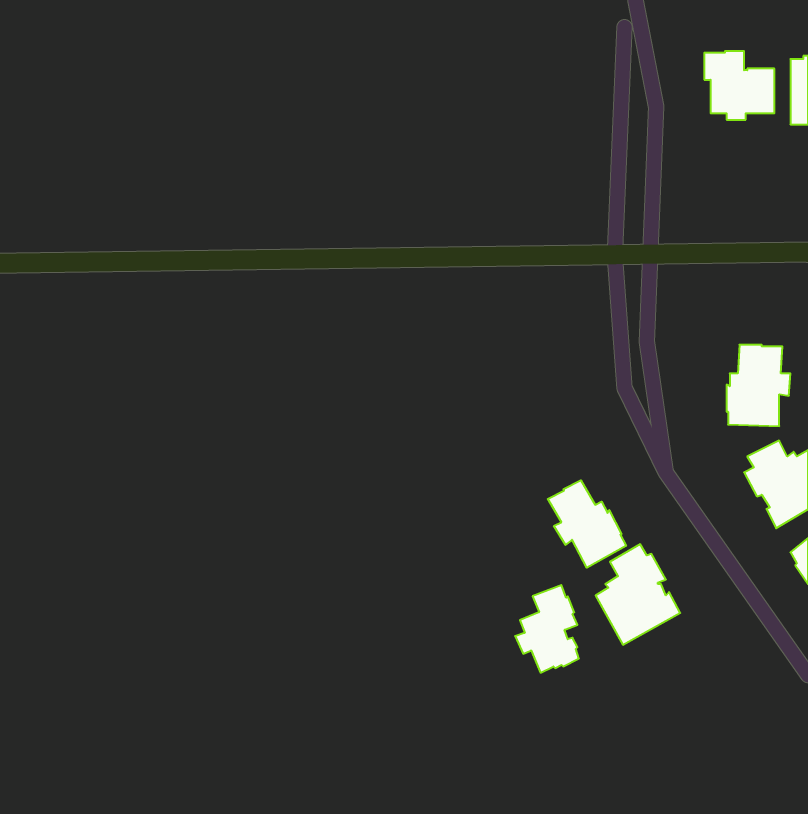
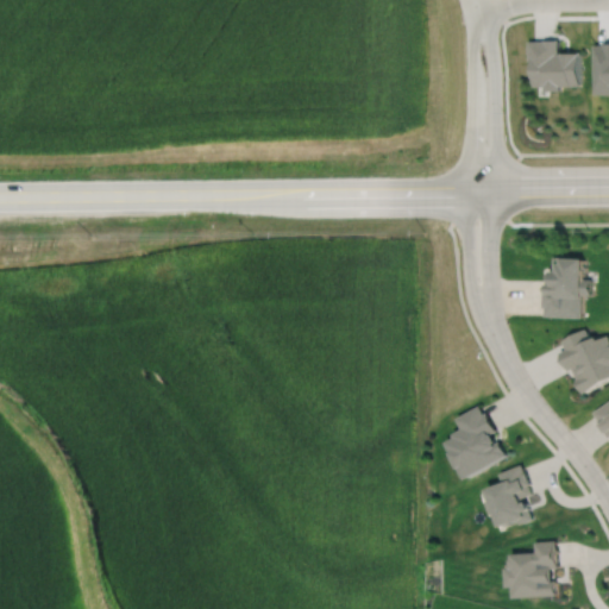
building: [548,480,626,568] -> none
building: [515,585,579,673] -> [485,466,533,532]
building: none -> [506,542,558,602]

